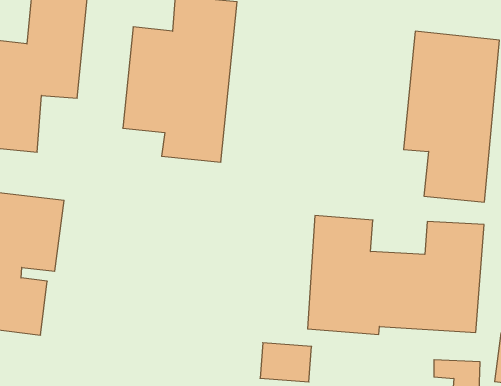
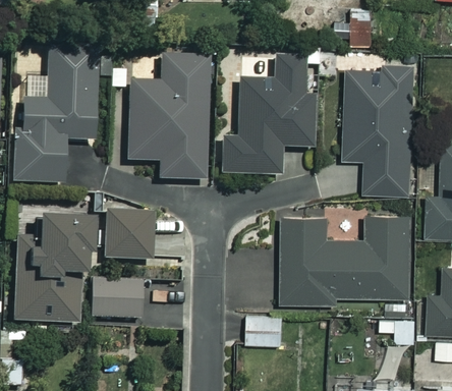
building: none -> [220,55,315,174]
building: none -> [103,211,152,259]
building: none -> [92,281,144,317]

